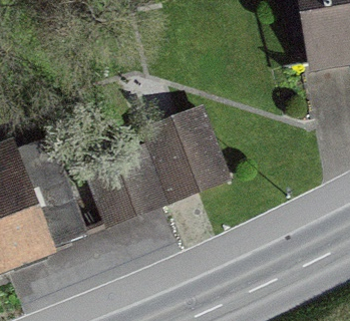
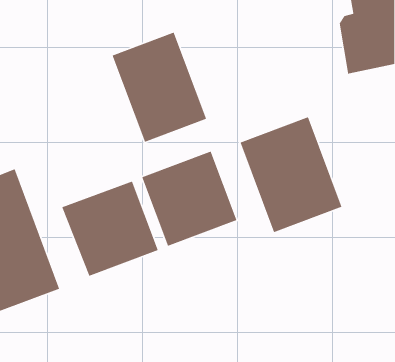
building: none -> [112,31,207,143]
building: none -> [240,116,343,233]

